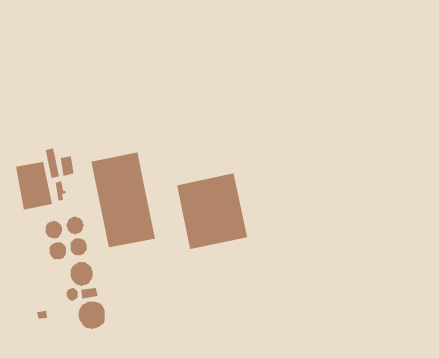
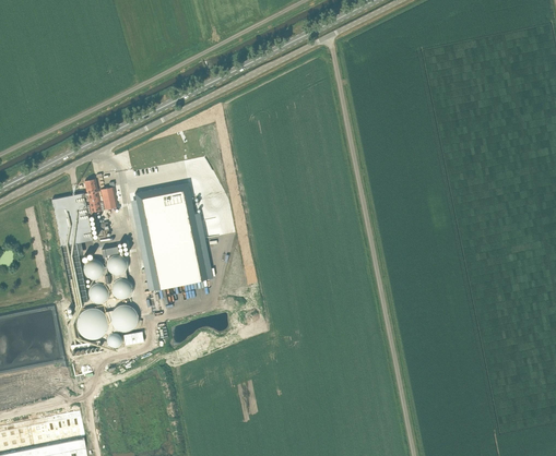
building: [176,172,248,250] -> none
building: [78,301,106,330] -> [76,309,107,340]

